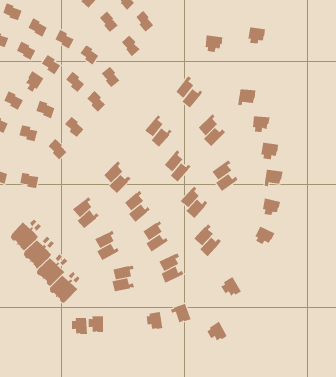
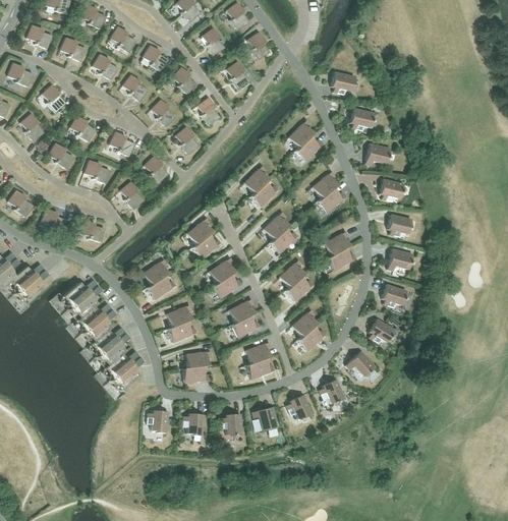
building: [247,27,266,44] -> [349,108,374,130]
building: [25,70,44,93] -> none
building: none -> [345,350,376,377]
building: [71,317,88,334] -> [182,413,204,436]
building: [207,321,227,341] -> [286,394,312,419]

